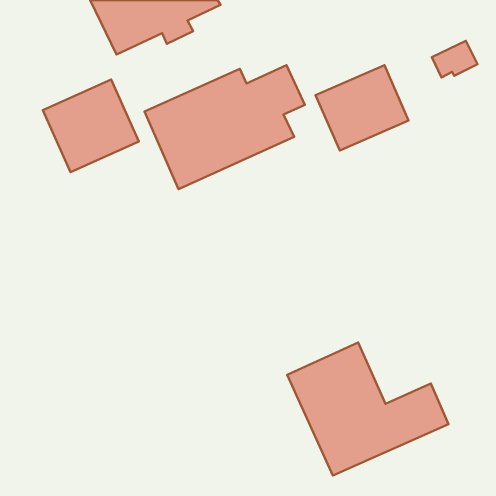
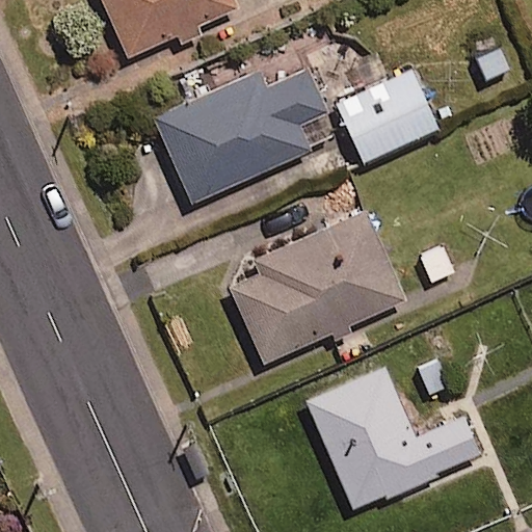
building: [43,80,139,172] -> none
building: none -> [229,212,404,363]

